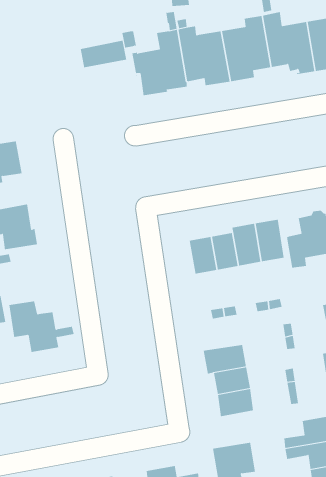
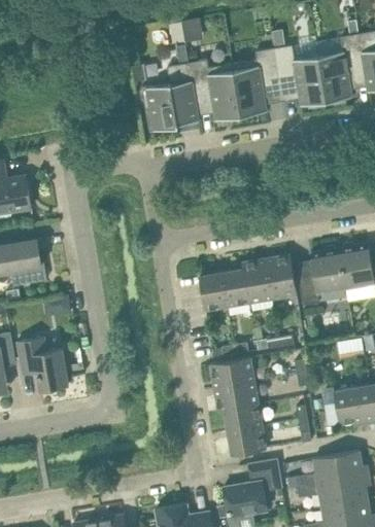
building: [80,40,127,68] -> none
building: none -> [210,357,254,388]
building: none -> [249,460,282,491]

